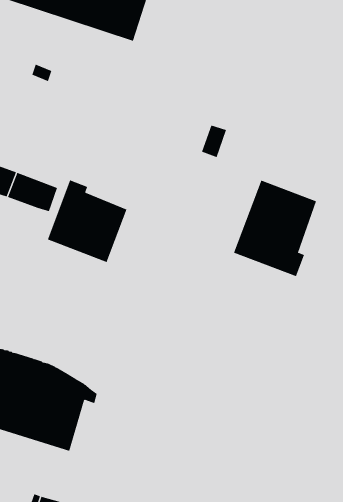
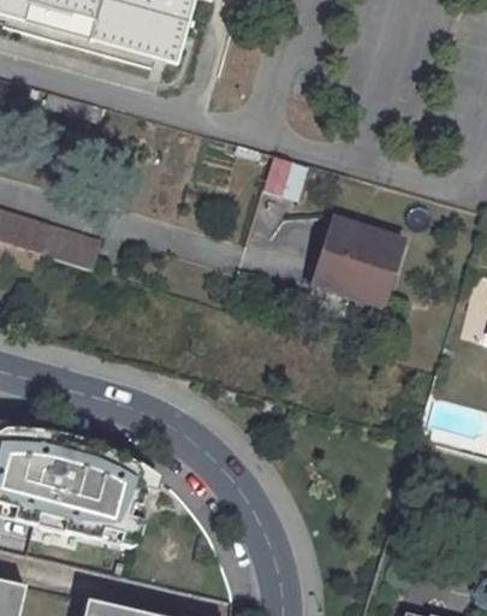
building: [47,180,127,263] -> none

